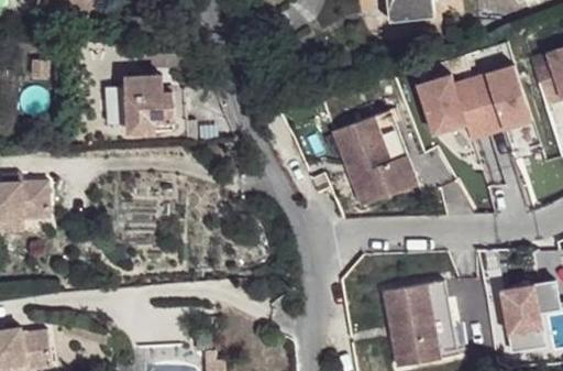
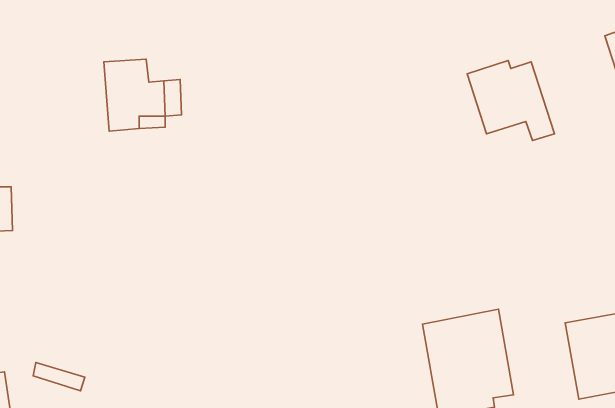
building: [470,64,532,137] -> none
building: [331,113,418,205] -> none

